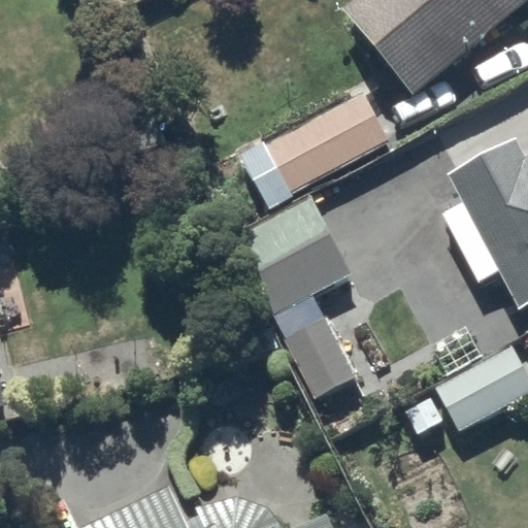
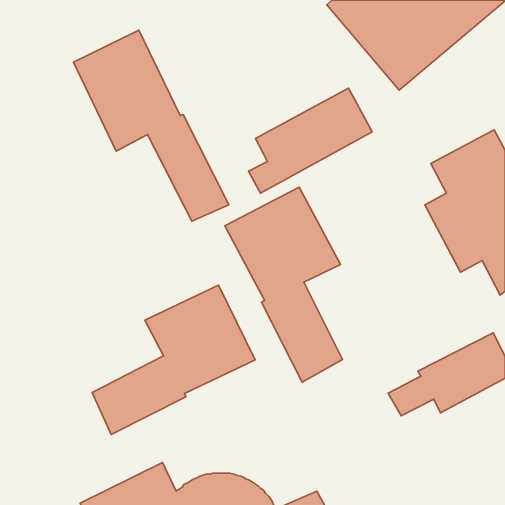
building: none -> [73,30,229,221]
building: none -> [92,285,255,434]

